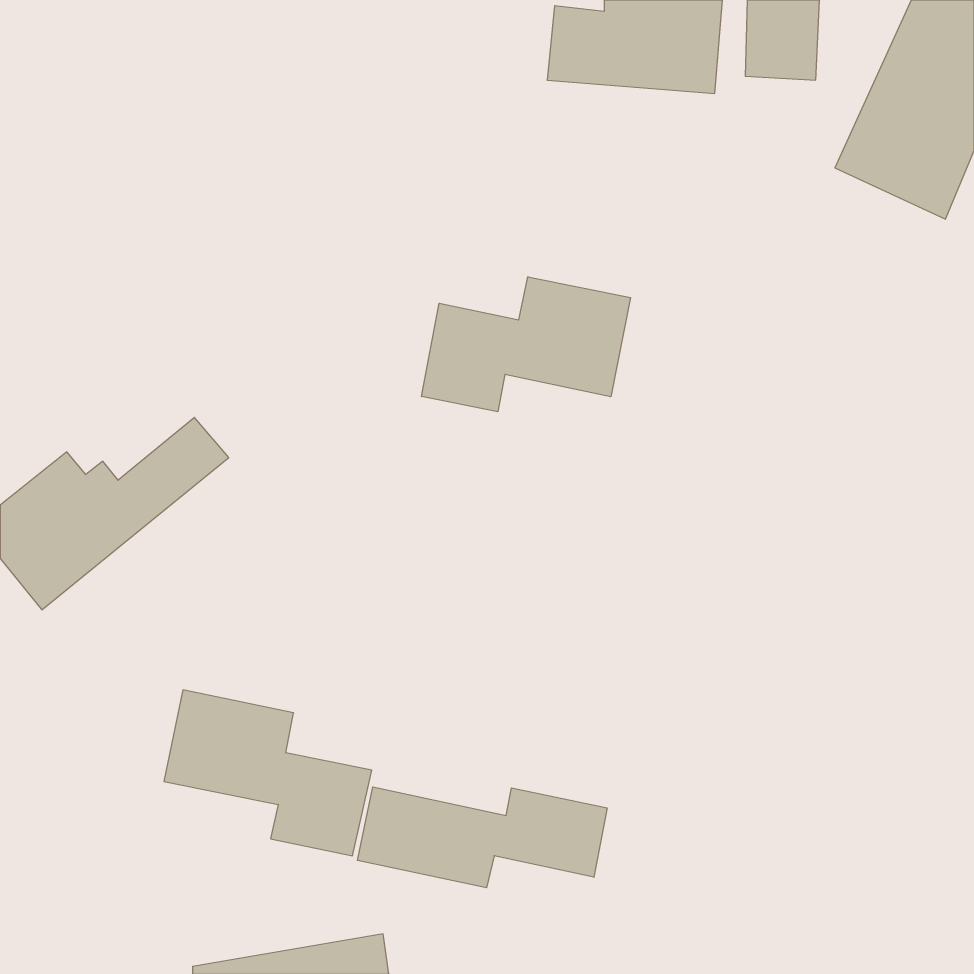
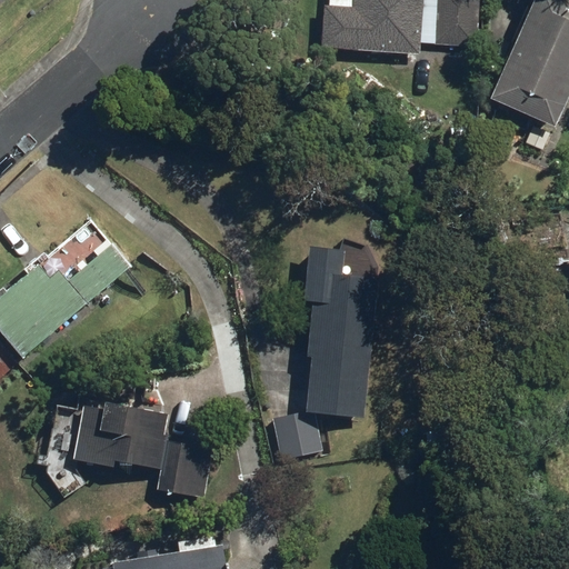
building: [422,277,631,412] -> none
building: none -> [272,243,376,461]
building: [357,787,607,888] -> none

